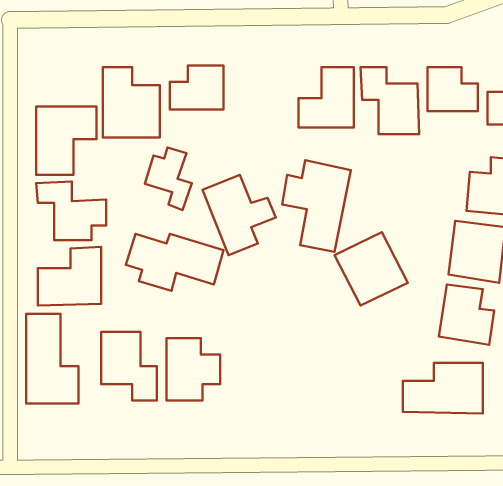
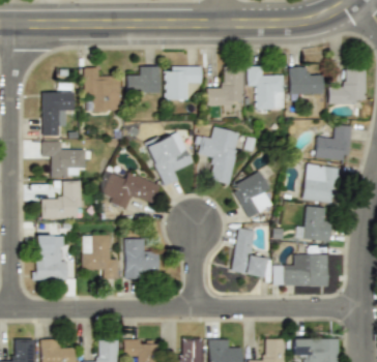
building: none -> [166,66,203,100]
building: [145,147,192,210] -> none
building: none -> [231,228,266,277]

